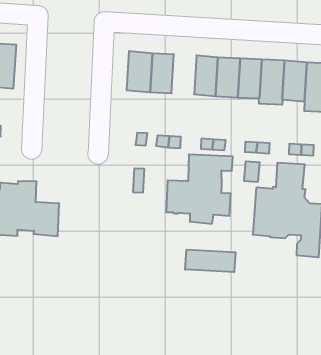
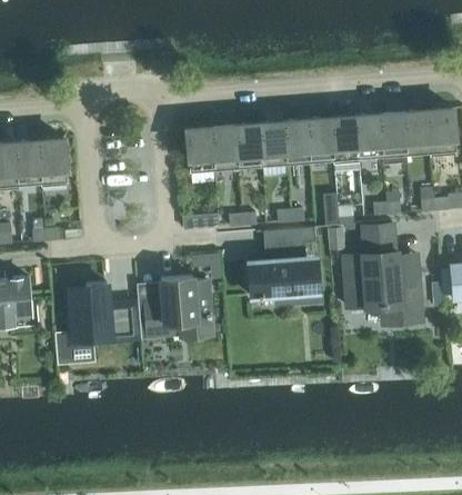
building: none -> [234,122,262,167]
building: none -> [144,276,211,337]
building: [185,250,236,272] -> none

